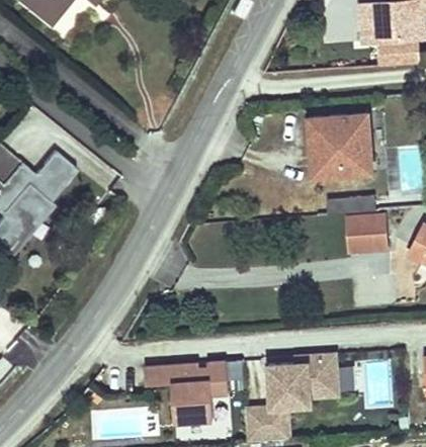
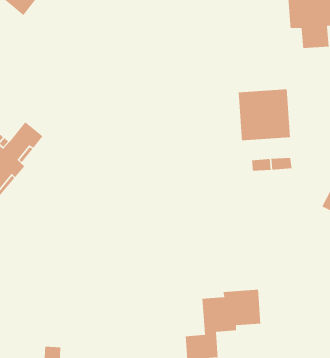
building: [342,215,385,253] -> none
building: [148,363,226,427] -> none

